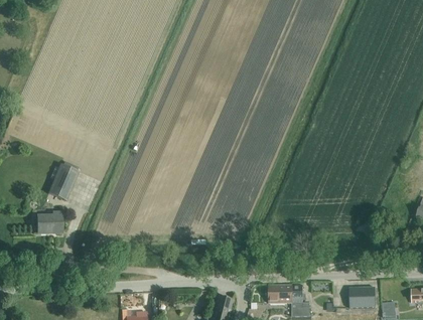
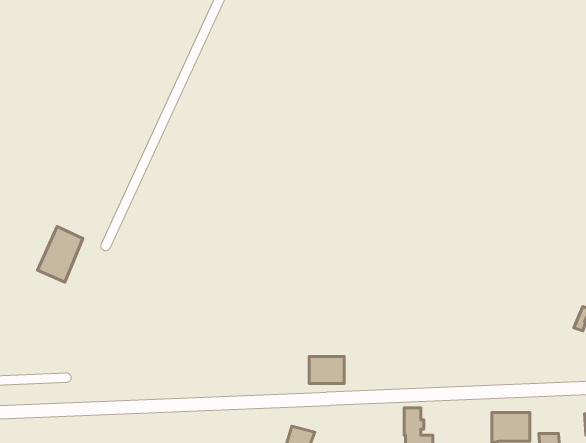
building: [38,212,61,233] -> none
building: [269,285,292,303] -> [309,356,344,384]

